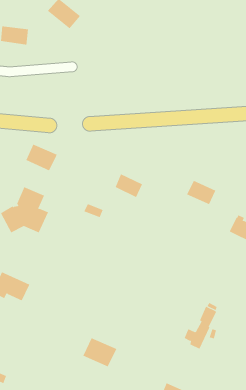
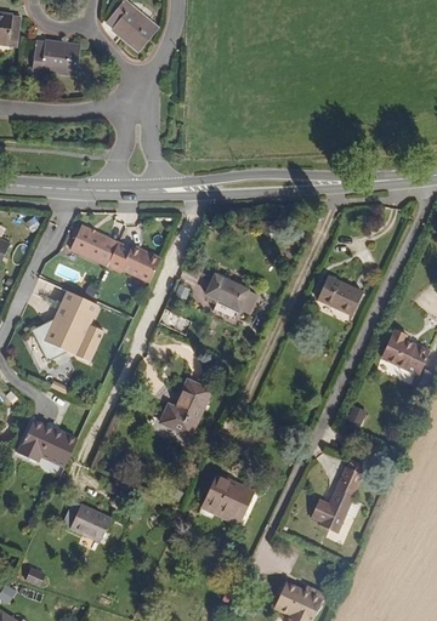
building: none -> [108,240,161,279]
building: none -> [158,383,208,438]
building: none -> [61,502,108,542]
building: [82,337,117,367] -> [199,478,251,523]

